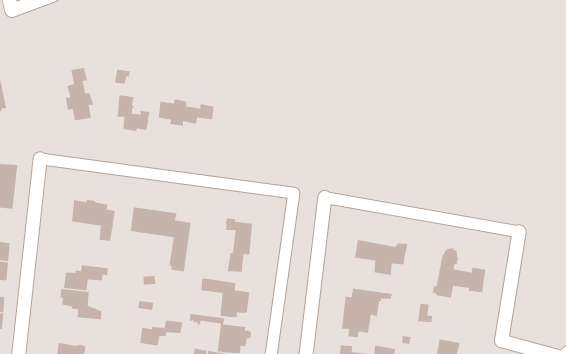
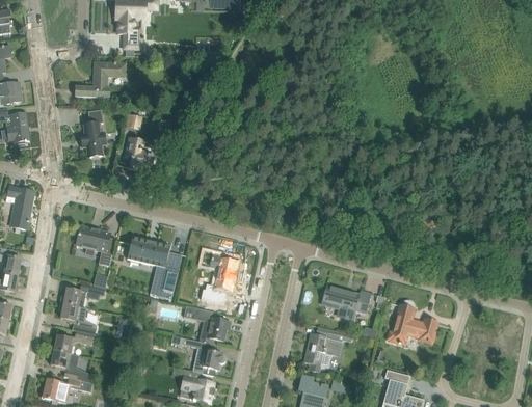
building: none -> [74,61,125,97]
building: [158,98,215,127] -> none
building: [140,320,184,347] -> [53,330,94,353]

